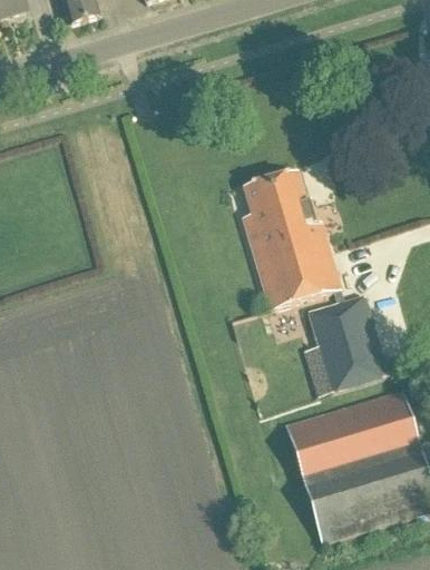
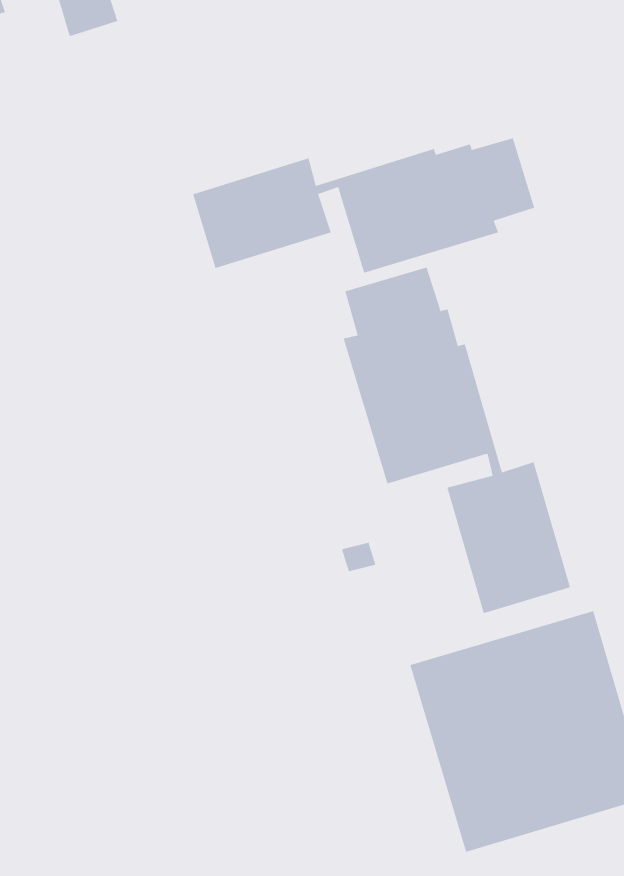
building: none -> [192,138,535,273]

